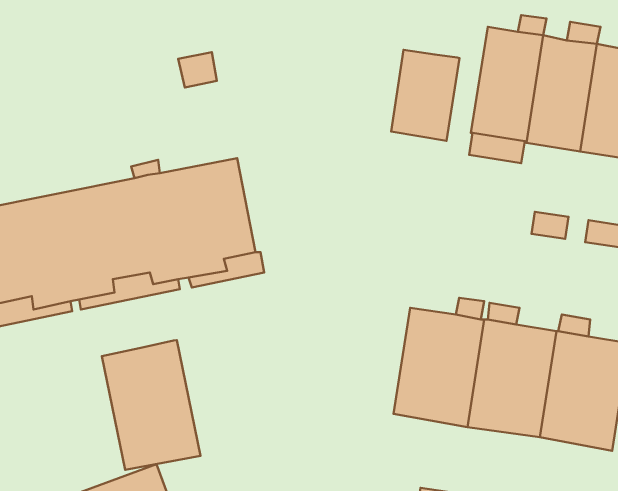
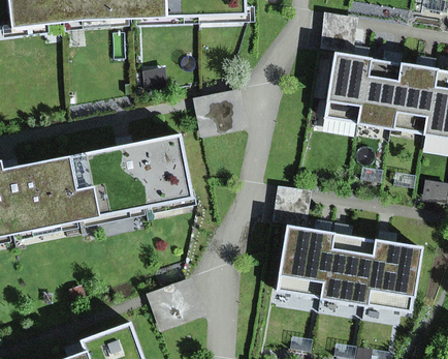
building: [391,50,460,141] -> none
building: [102,340,201,470] -> none

